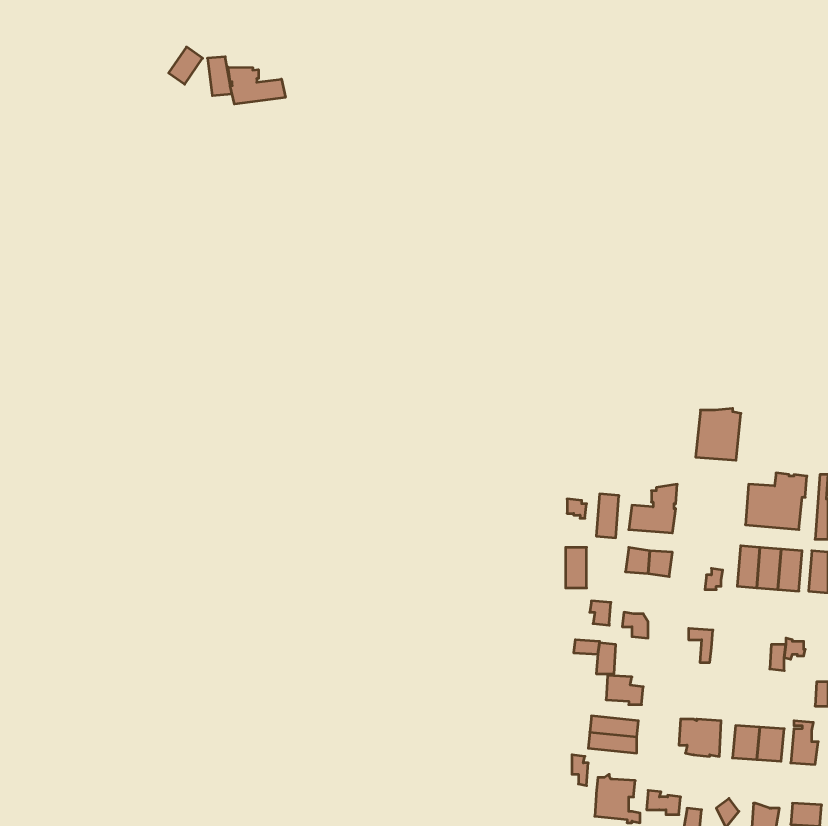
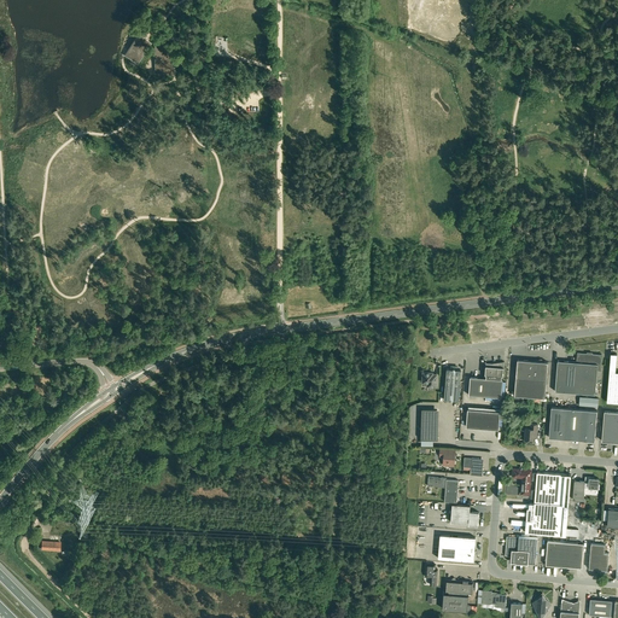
building: [228,67,285,104] -> none
building: [696,408,741,460] -> [514,360,548,398]
building: none -> [525,473,571,537]

